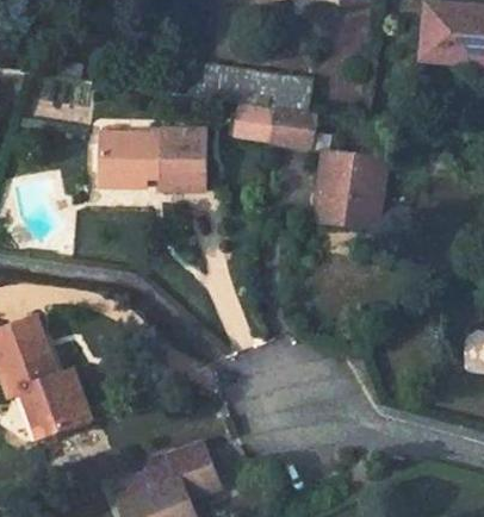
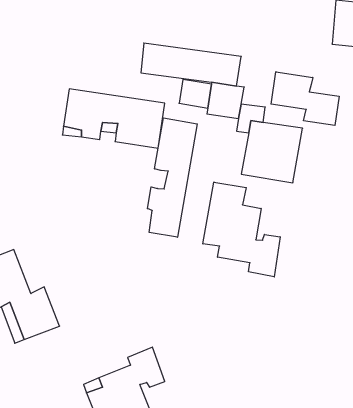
building: none -> [271,72,339,125]
building: none -> [147,118,197,237]
building: none -> [203,182,280,277]

